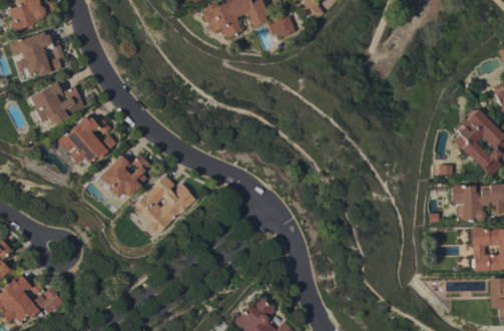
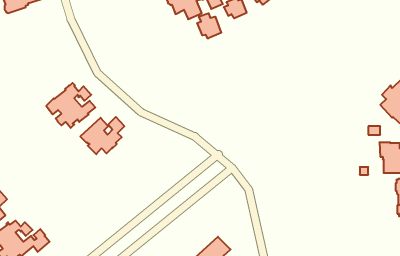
building: [10,29,65,78] -> none
building: none -> [197,13,221,39]
building: [30,81,85,123] -> none
building: [132,175,196,234] -> none

